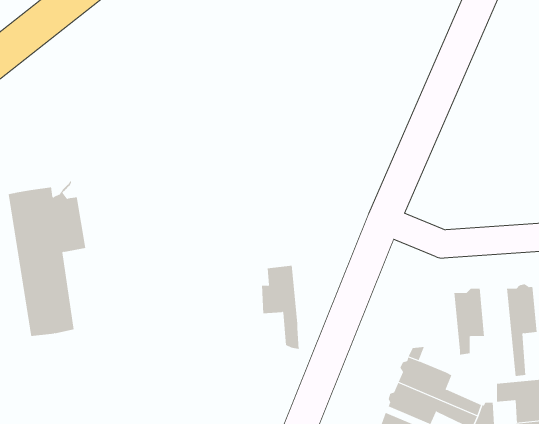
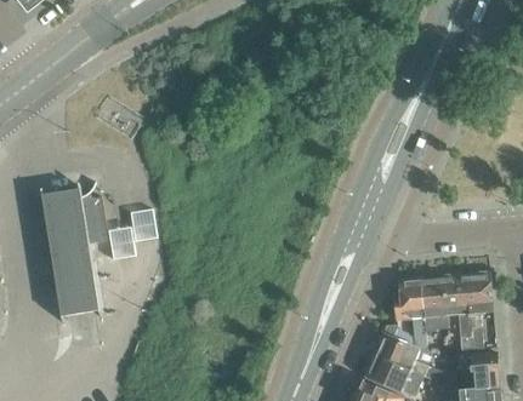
building: none -> [110,207,158,258]
building: [261,265,299,349] -> [394,279,427,350]
building: none -> [444,274,473,350]

